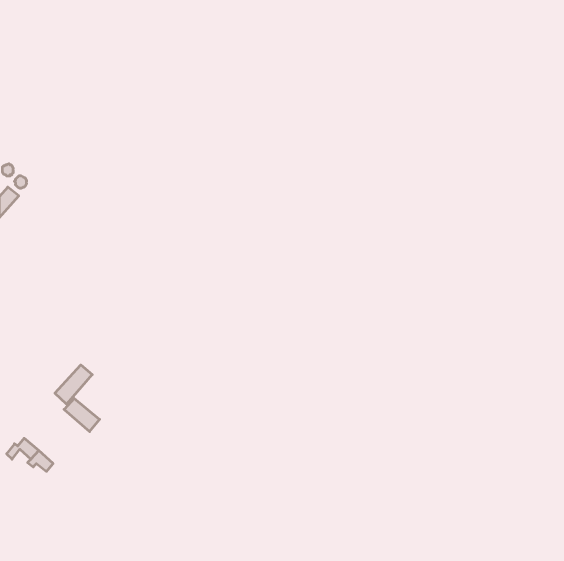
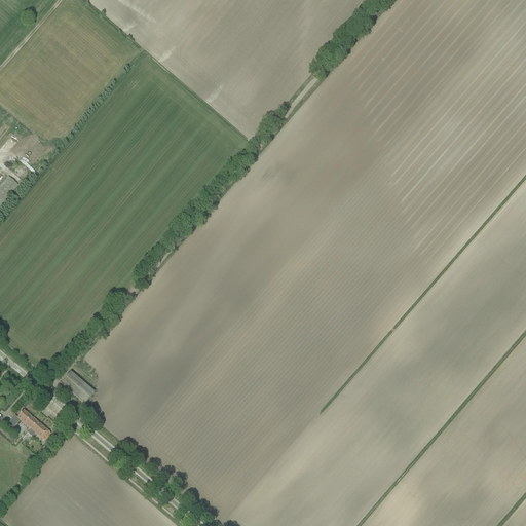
building: [55,365,92,404] -> none

